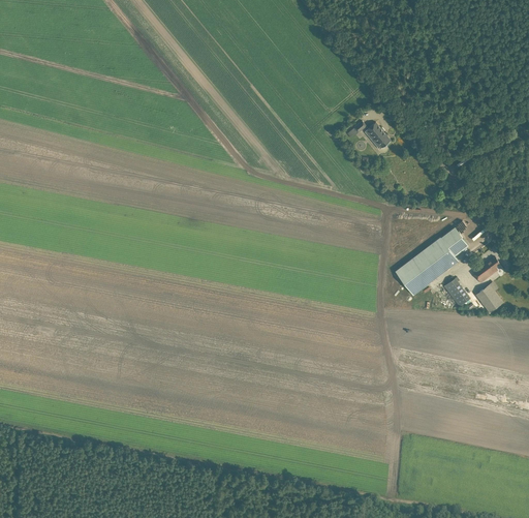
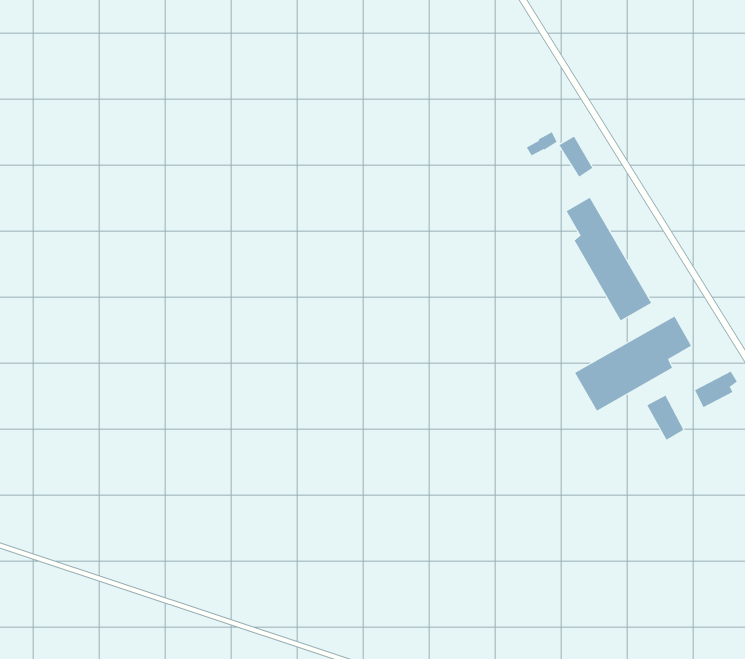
building: none -> [566,197,652,321]
building: [474,284,502,313] -> none

